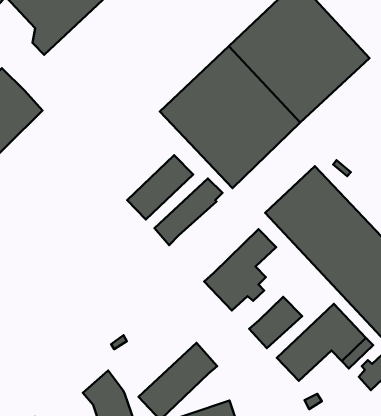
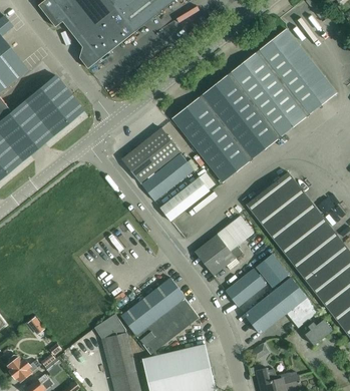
building: none -> [122,128,180,182]
building: none -> [256,254,289,287]
building: none -> [121,278,186,335]

